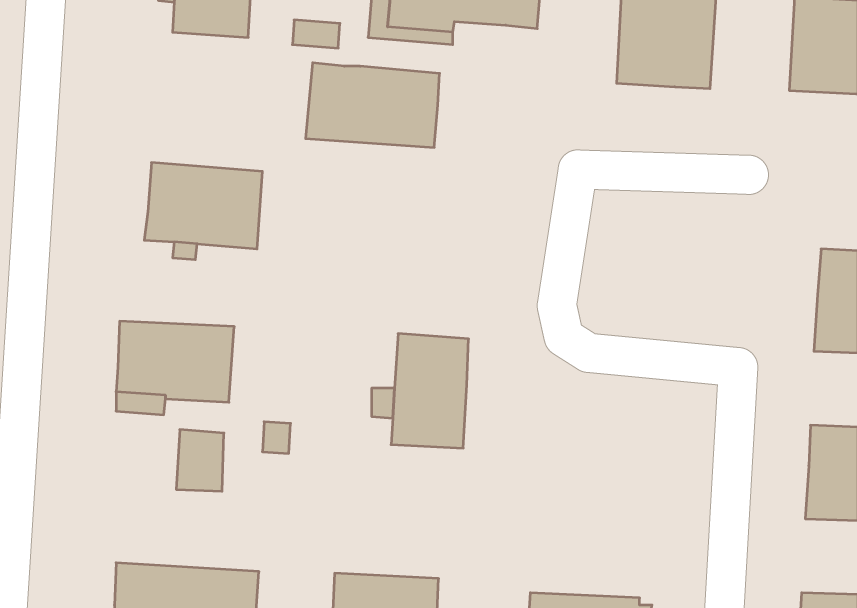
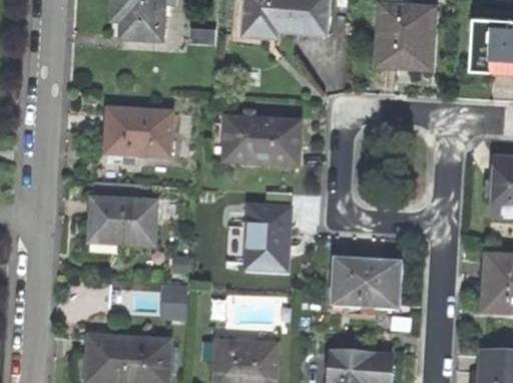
building: [306,63,440,147] -> [223,118,300,166]
building: none -> [332,261,403,310]
building: [176,430,224,491] -> [160,285,187,320]

